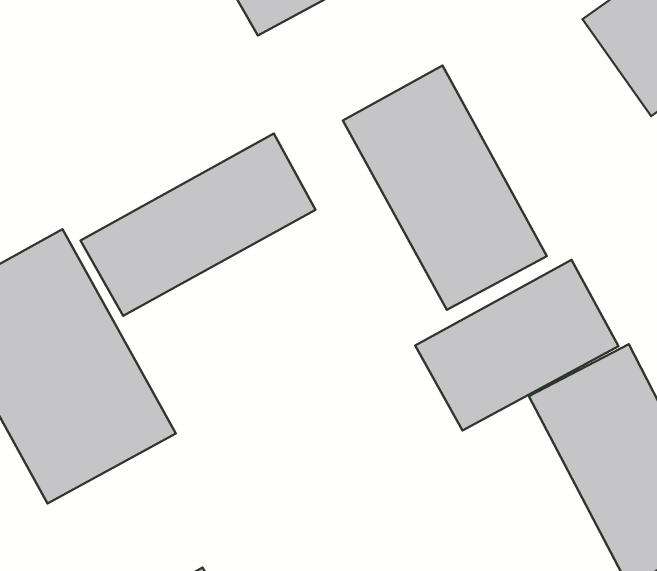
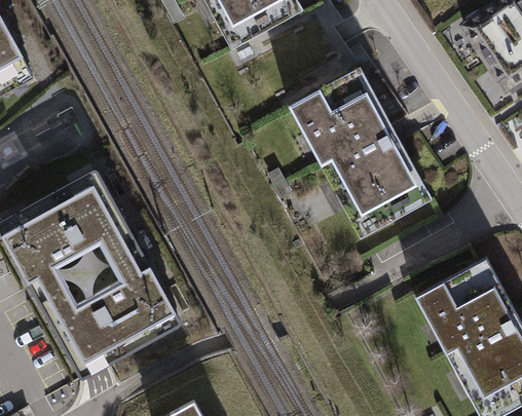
building: [81,133,315,316] -> none
building: [415,260,618,431] -> none

